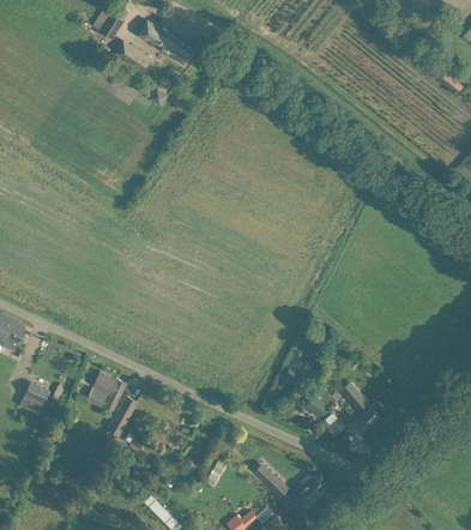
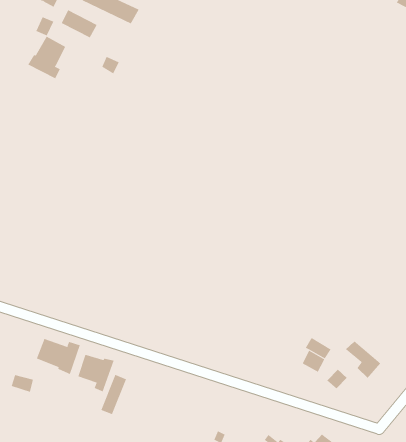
building: none -> [27,36,66,79]
building: none -> [36,338,81,375]

